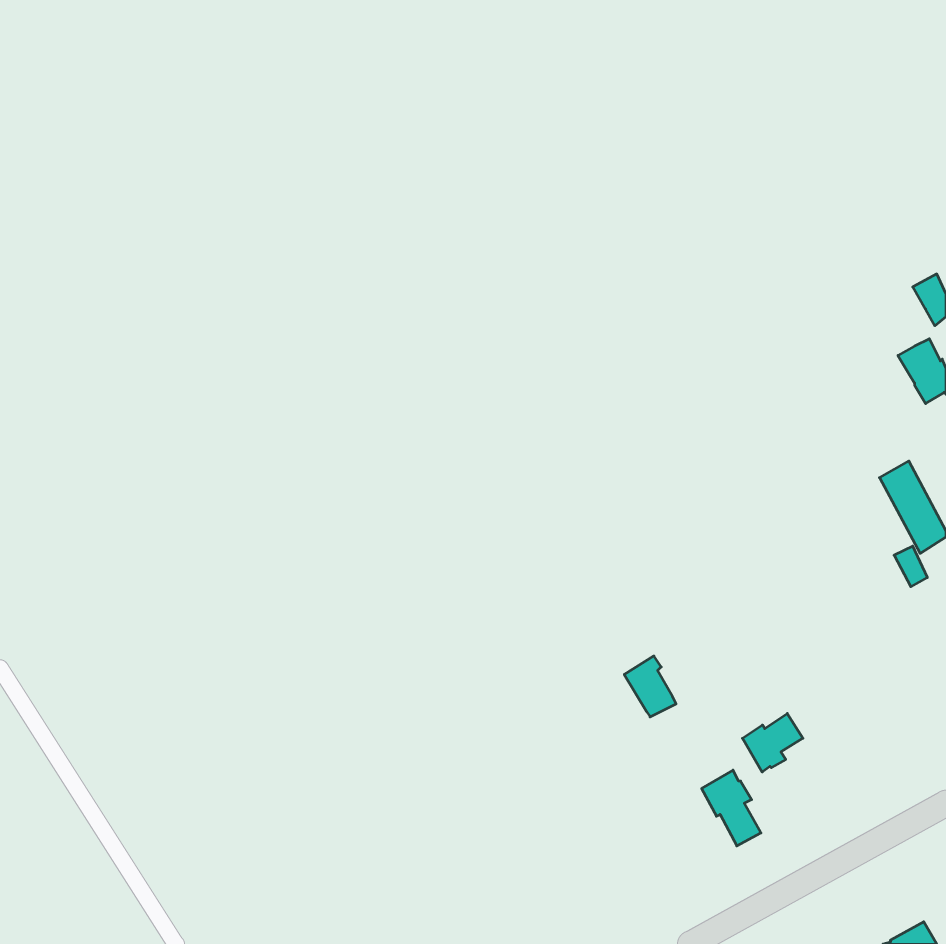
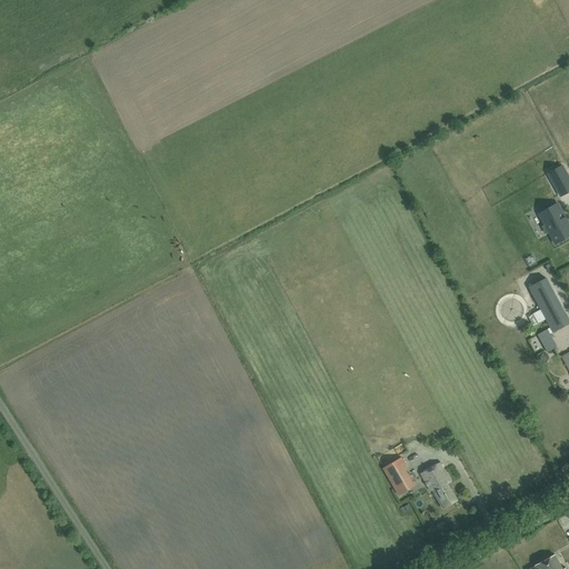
building: [624,656,676,717] -> [383,457,415,493]
building: [742,713,803,772] -> none

